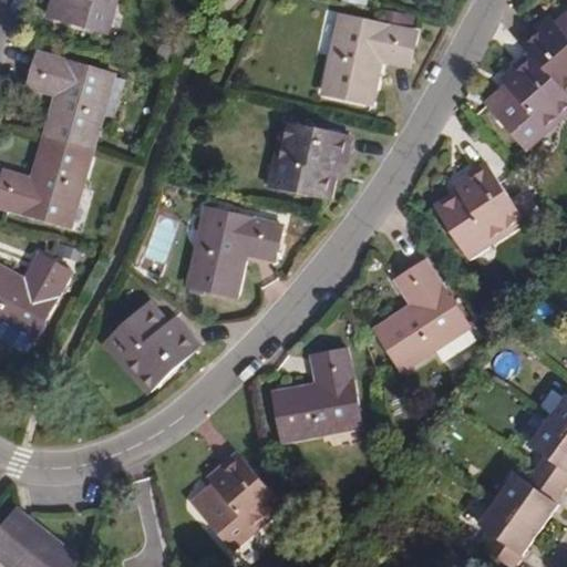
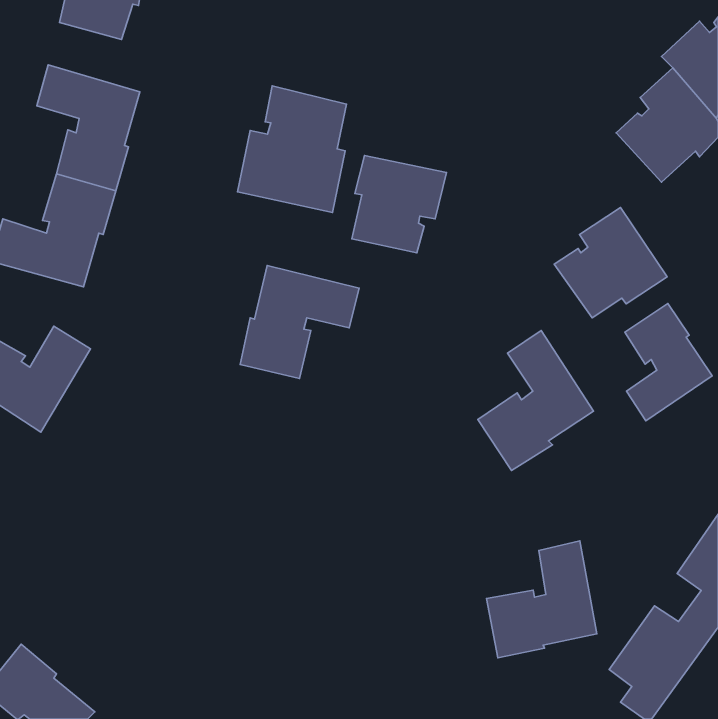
building: [321,14,415,103] -> none
building: none -> [238,86,347,212]
building: none -> [625,303,712,421]
building: [107,300,198,389] -> none
building: [272,348,359,440] -> [487,541,597,658]
building: [190,452,280,540] -> none

